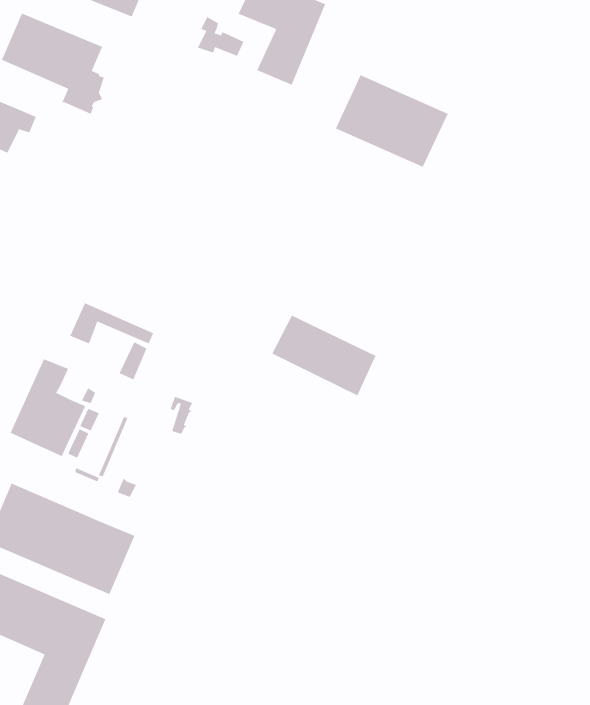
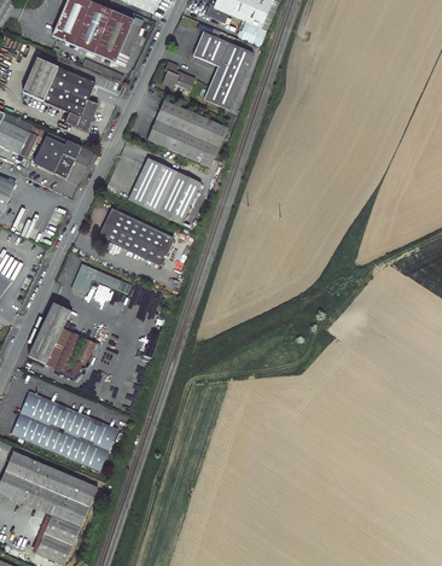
building: [335,74,449,168] -> [146,100,227,167]
building: none -> [35,133,81,179]
building: none -> [127,157,200,223]
building: [271,315,377,396] -> [97,208,171,266]

